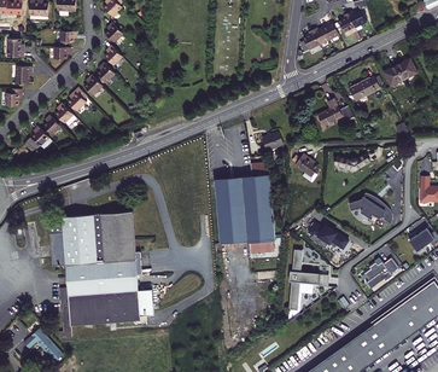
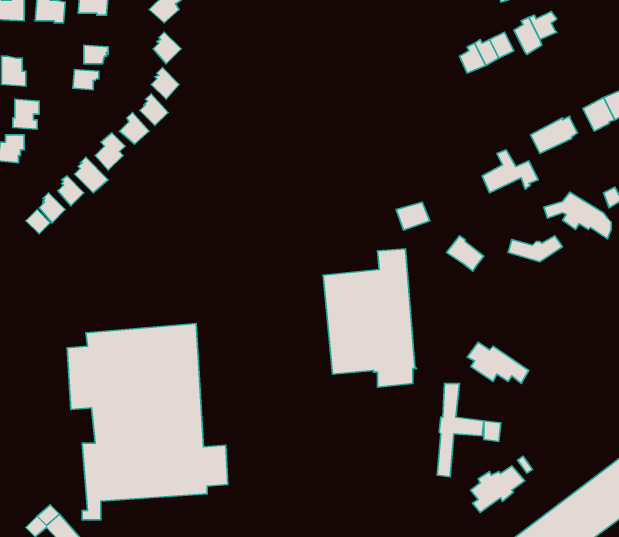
building: [349,194,392,225] -> [544,192,611,239]
building: [364,258,399,289] -> [471,466,525,513]

